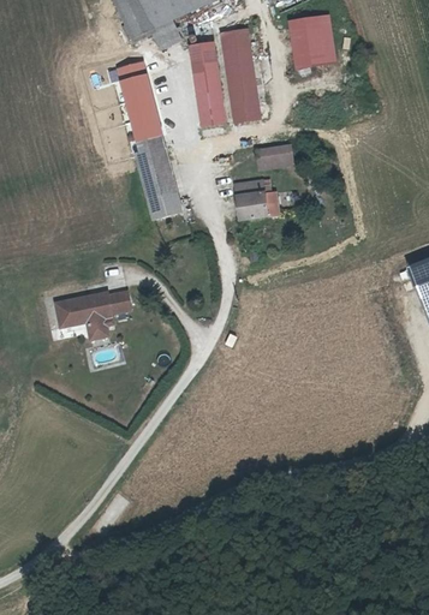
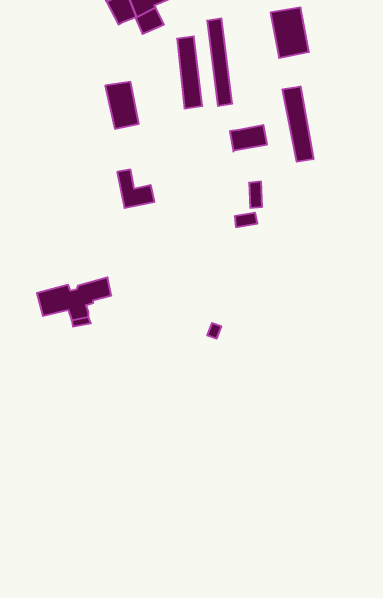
building: [119,58,151,97] -> none
building: none -> [283,86,313,162]
building: [132,136,172,201] -> none
building: [232,173,266,213] -> none

